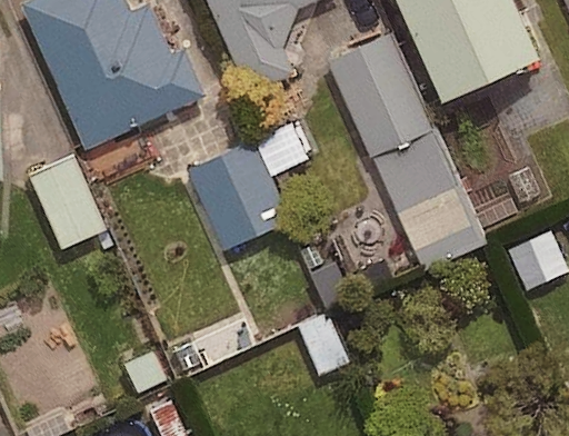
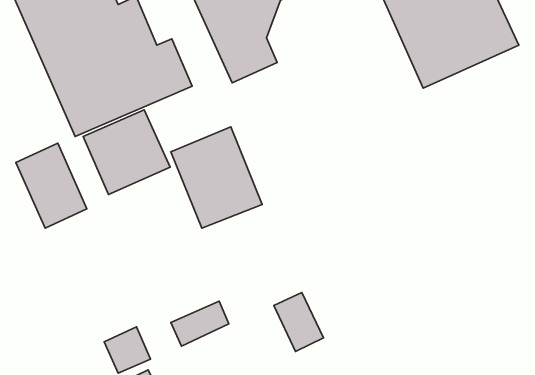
building: [320,30,481,271] -> none
building: none -> [83,110,170,194]

